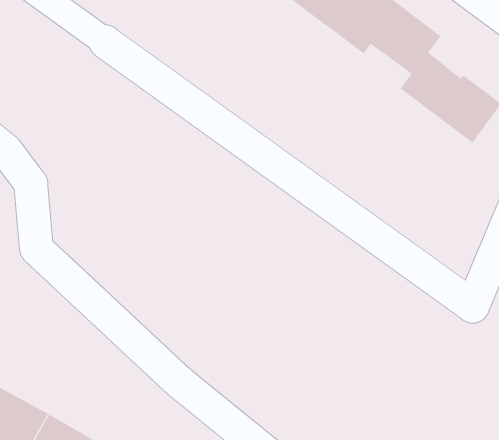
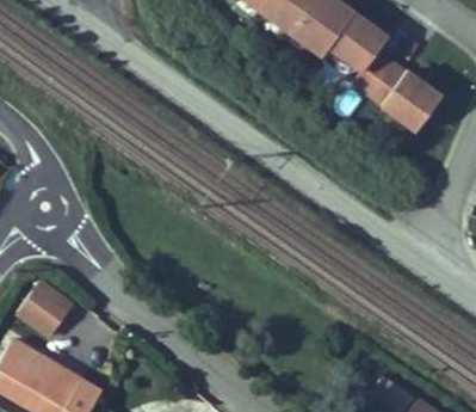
building: none -> [16,285,72,343]

